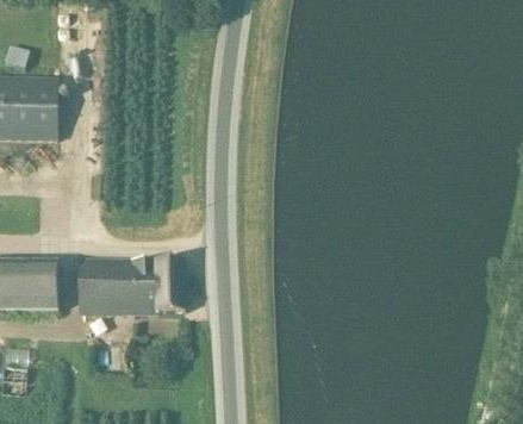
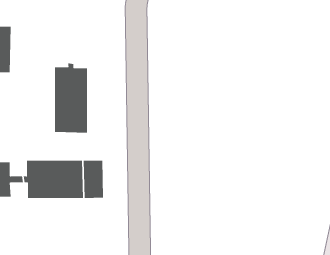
building: none -> [54,63,87,133]

